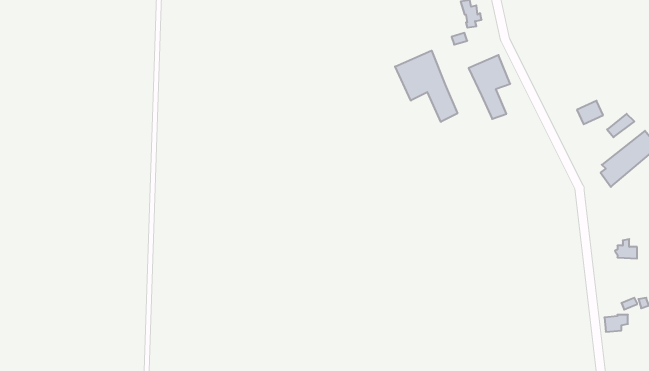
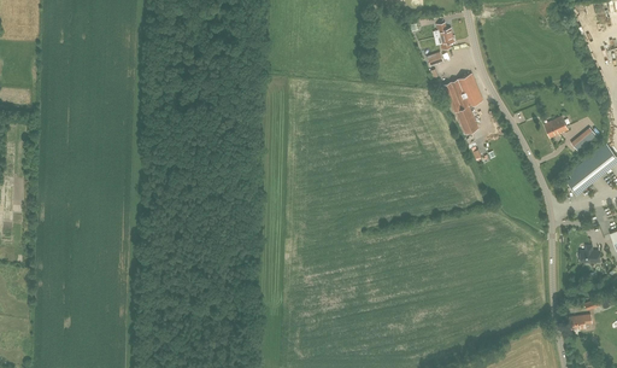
building: [395,51,457,122] -> none

